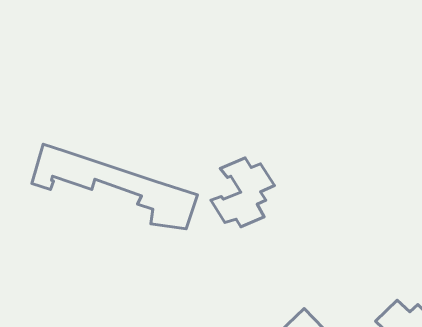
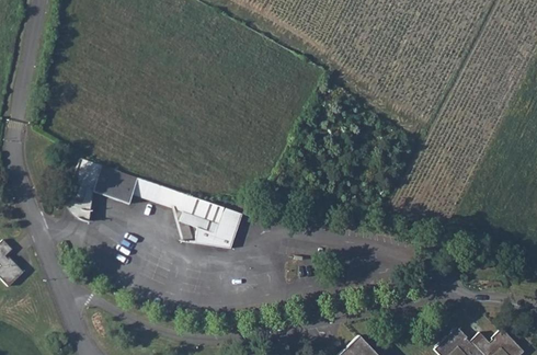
building: [211,158,275,227] -> none

